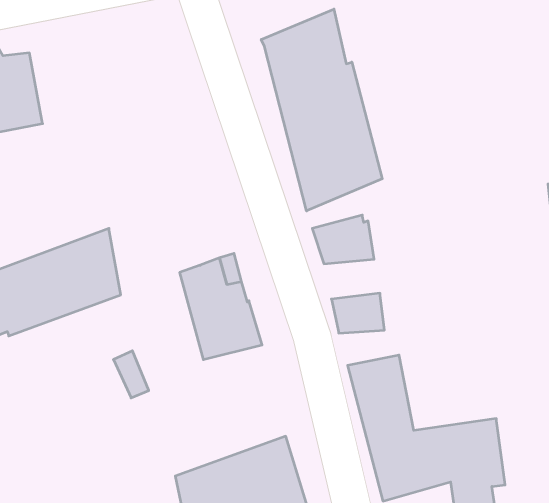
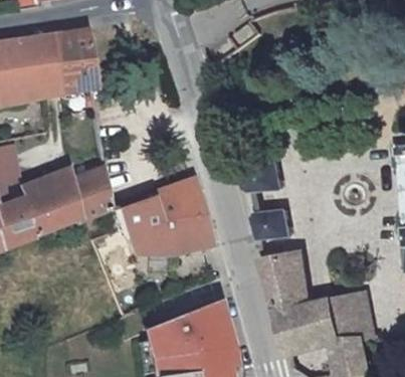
building: [261,9,382,211] -> none
building: none -> [47,28,93,93]
building: none -> [119,195,166,254]

